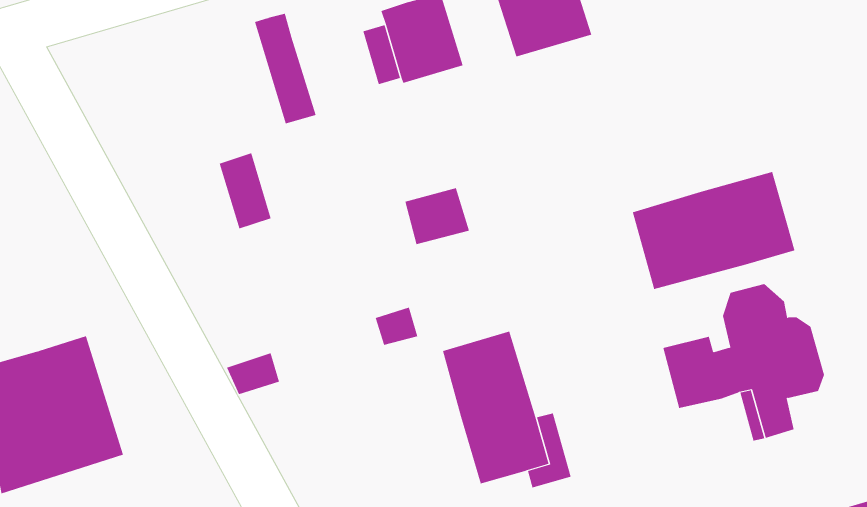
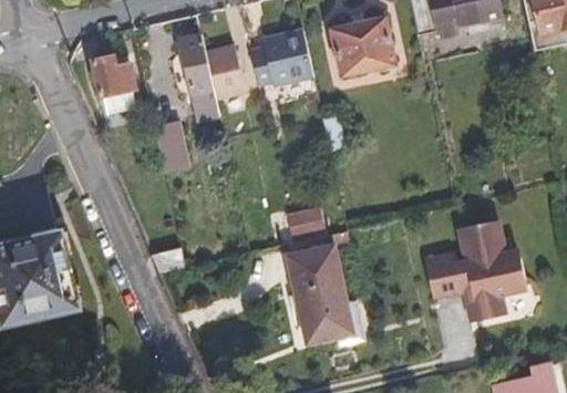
building: none -> [204,44,243,101]
building: none -> [92,55,133,112]
building: [632,171,795,290] -> none
building: [404,188,470,245] -> [285,207,324,241]

